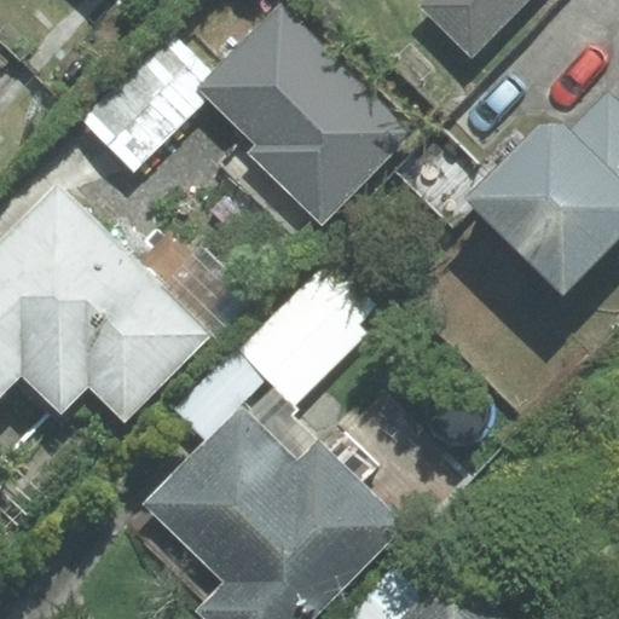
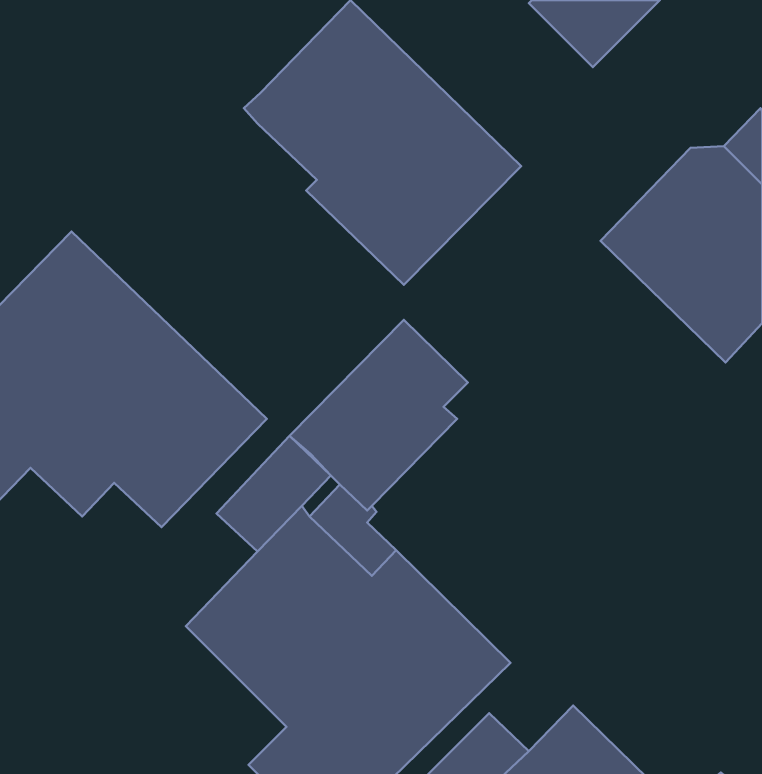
building: [83,40,207,172] -> none

